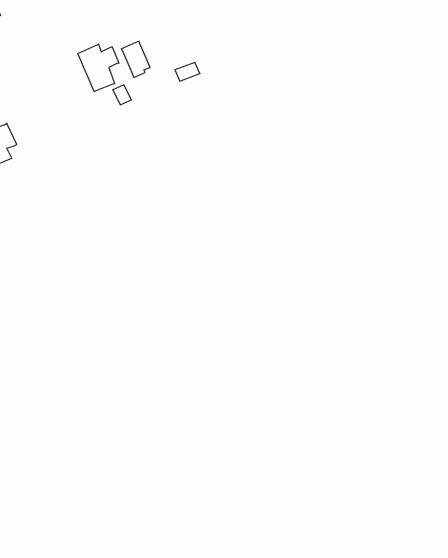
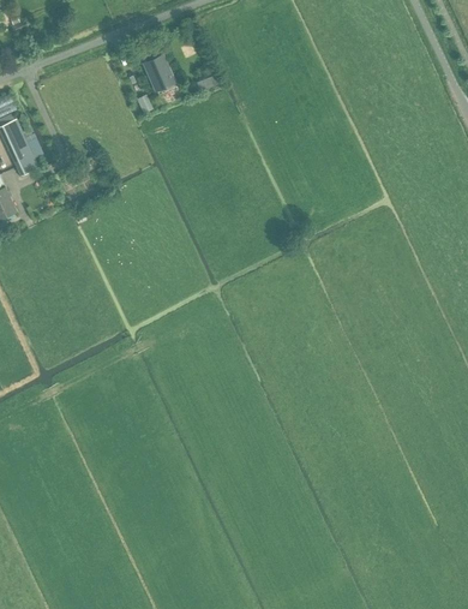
building: [78,44,119,92] -> none

